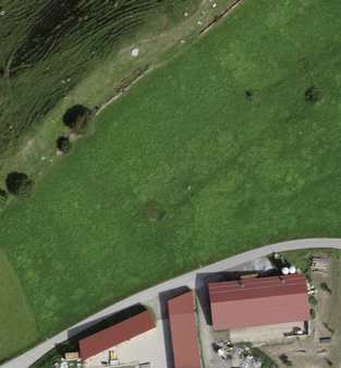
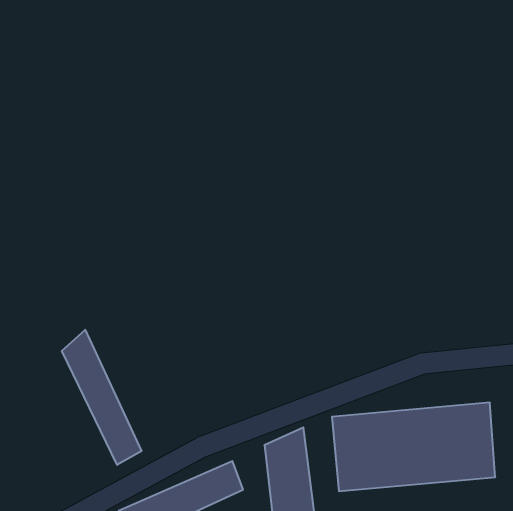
building: none -> [62,330,141,465]

